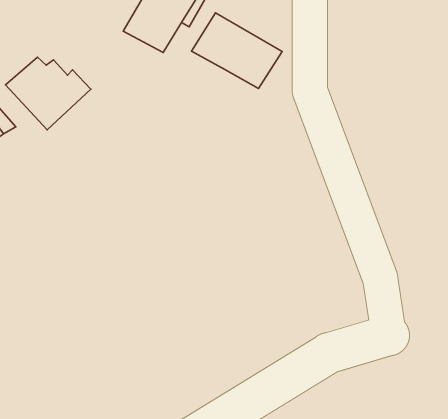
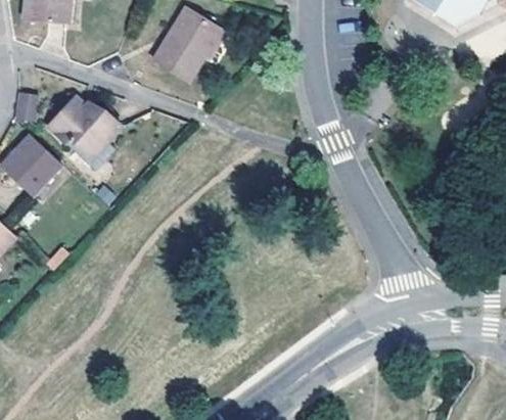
building: [192,13,282,88] -> none

